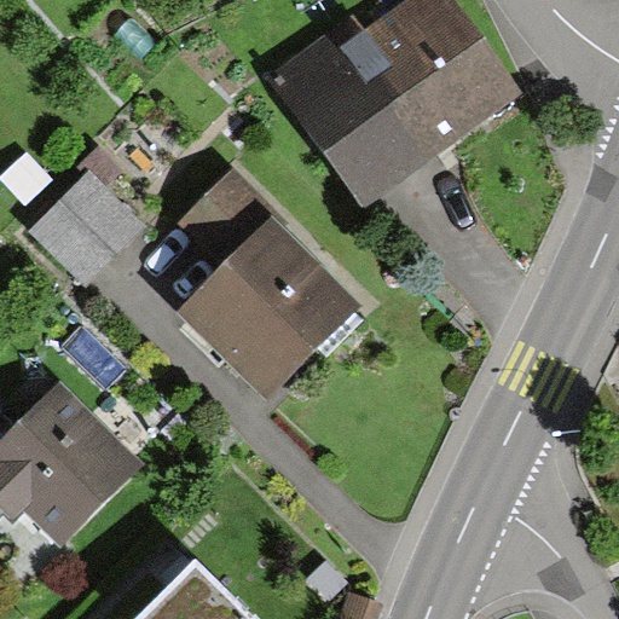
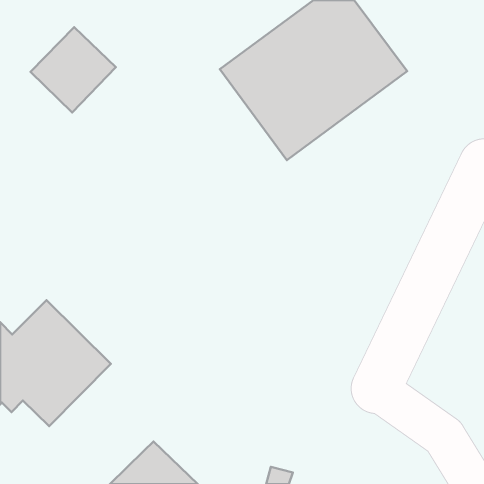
building: [174,166,359,399] -> none
building: [34,174,143,283] -> [31,27,116,113]

